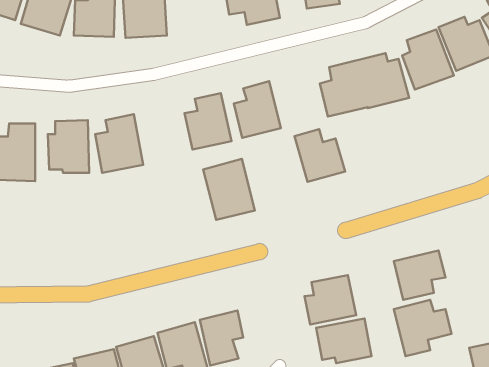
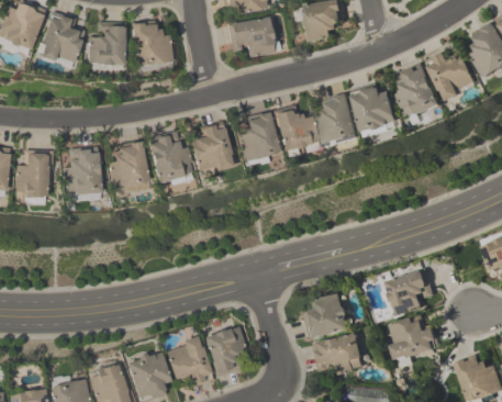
building: [294,129,345,182] -> [274,107,321,156]
building: [203,159,255,220] -> [146,130,194,187]

